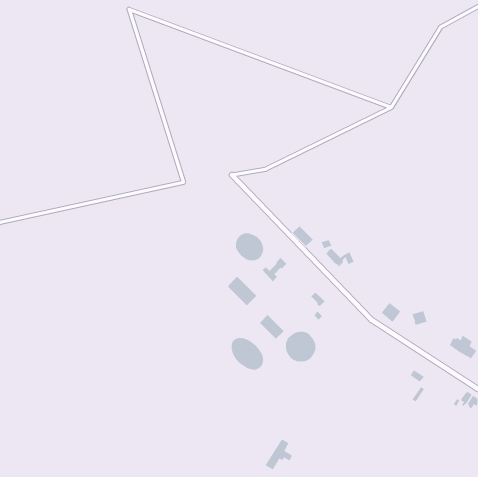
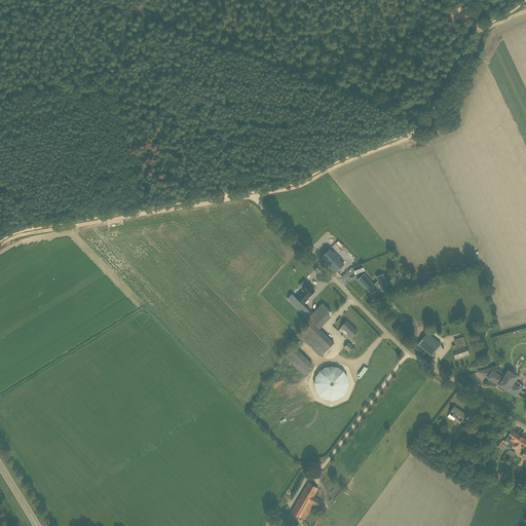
building: [235,233,264,261] -> none
building: [227,276,257,306] -> [301,321,334,353]
building: [231,337,264,370] -> none

